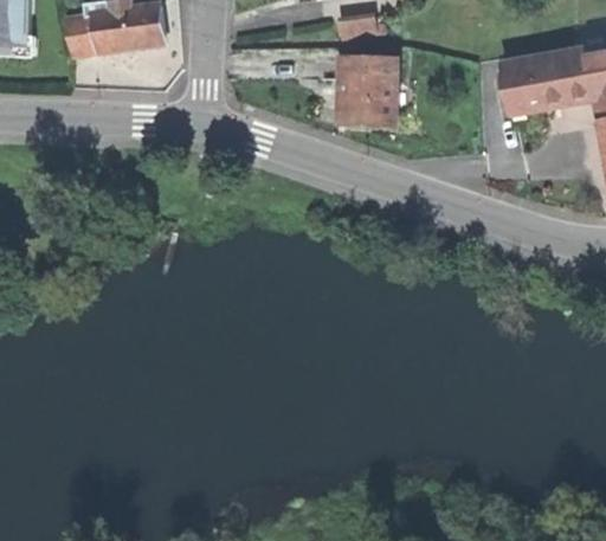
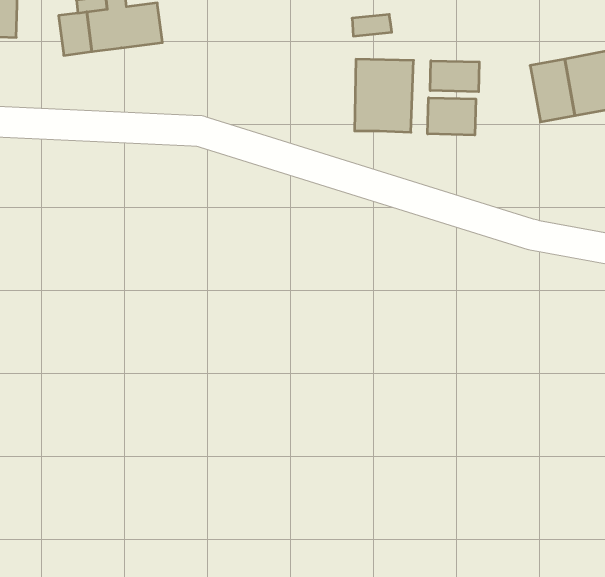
building: none -> [430,61,479,92]
building: none -> [428,98,476,135]

